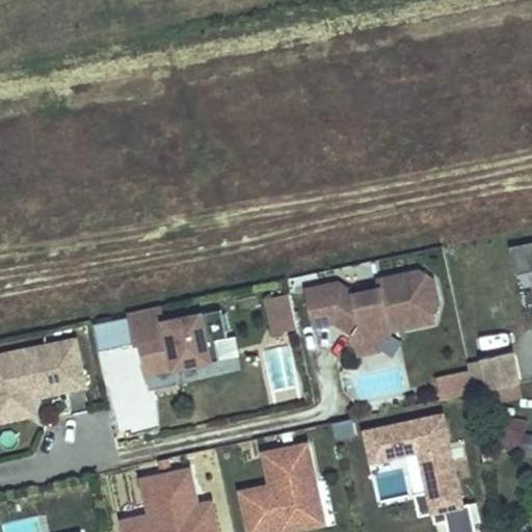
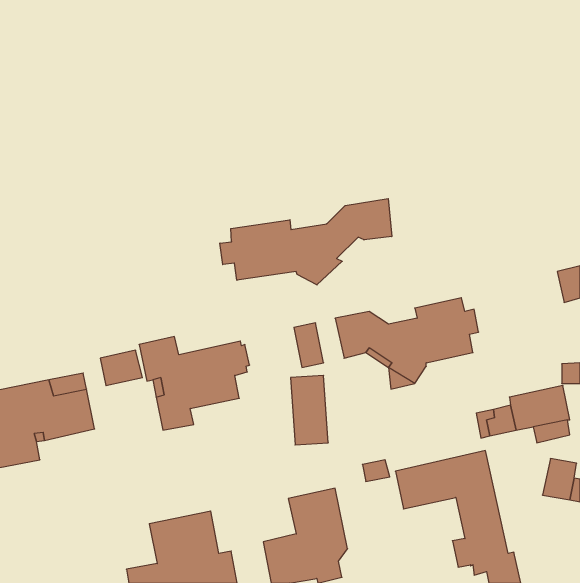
building: none -> [220,199,392,285]

